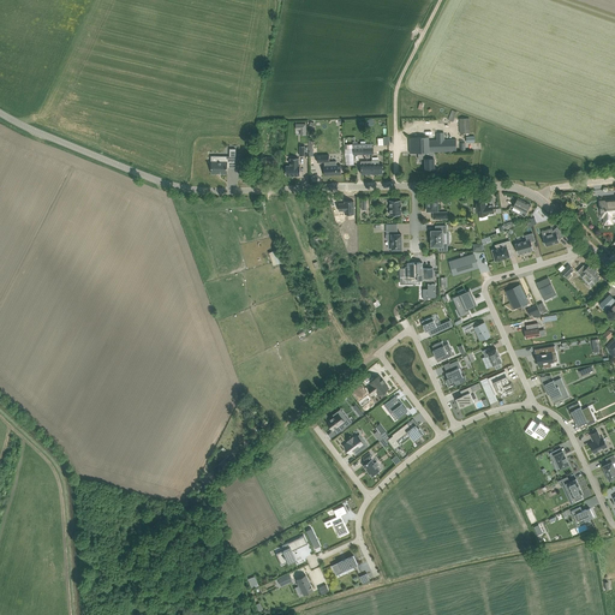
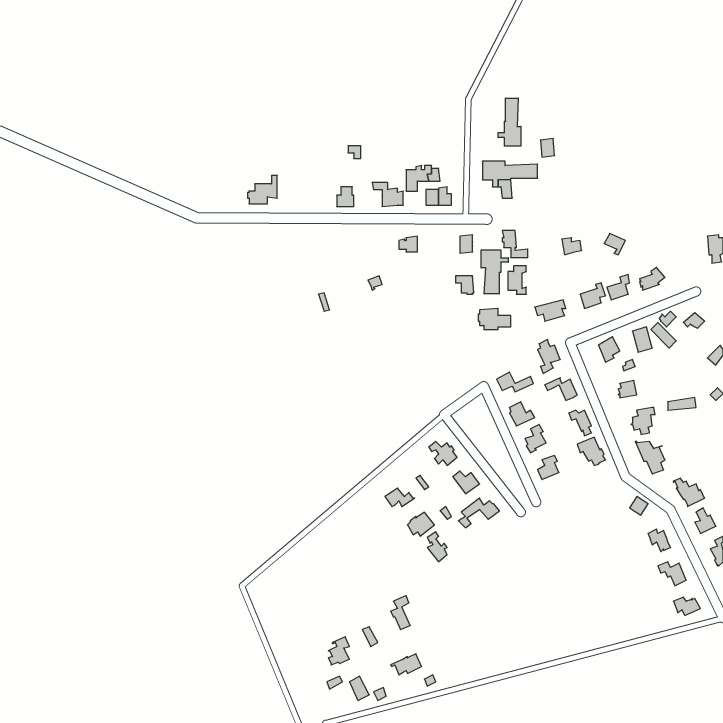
building: none -> [498,98,521,146]
building: none -> [481,250,508,294]

